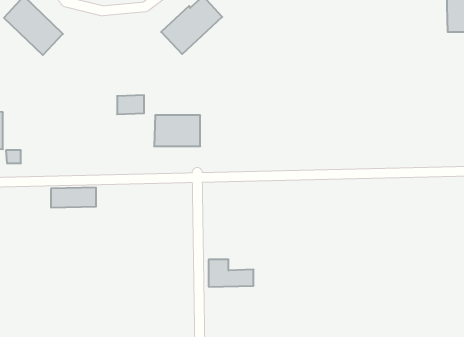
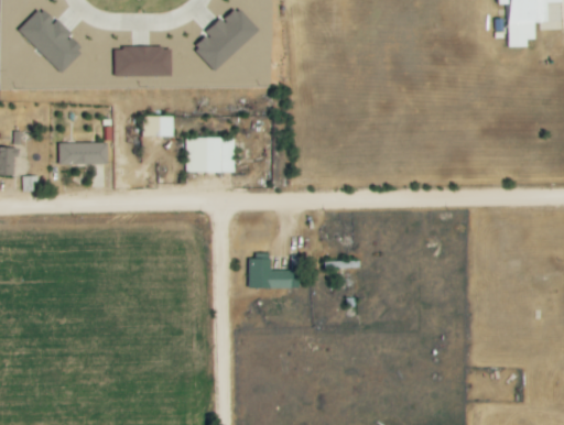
building: none -> [115,46,172,76]
building: [51,188,96,208] -> [58,142,108,164]
building: [209,260,254,287] -> [249,259,299,288]

